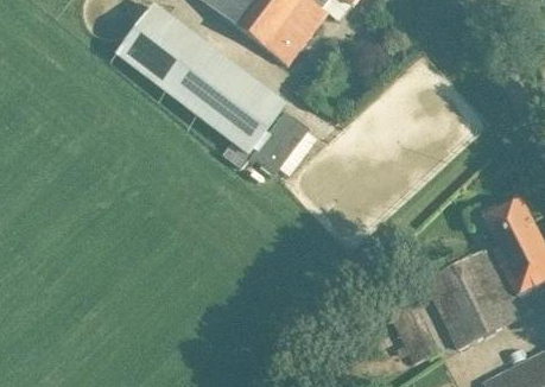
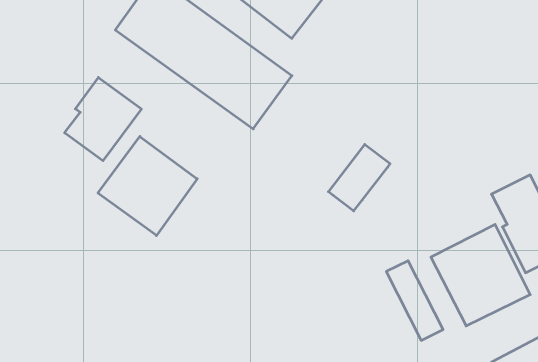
building: none -> [65,77,141,161]
building: [249,110,310,176] -> [328,144,390,211]
building: none -> [98,136,197,236]

